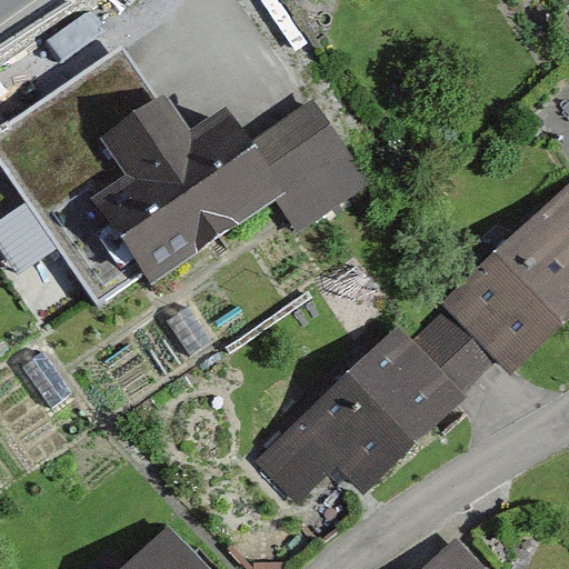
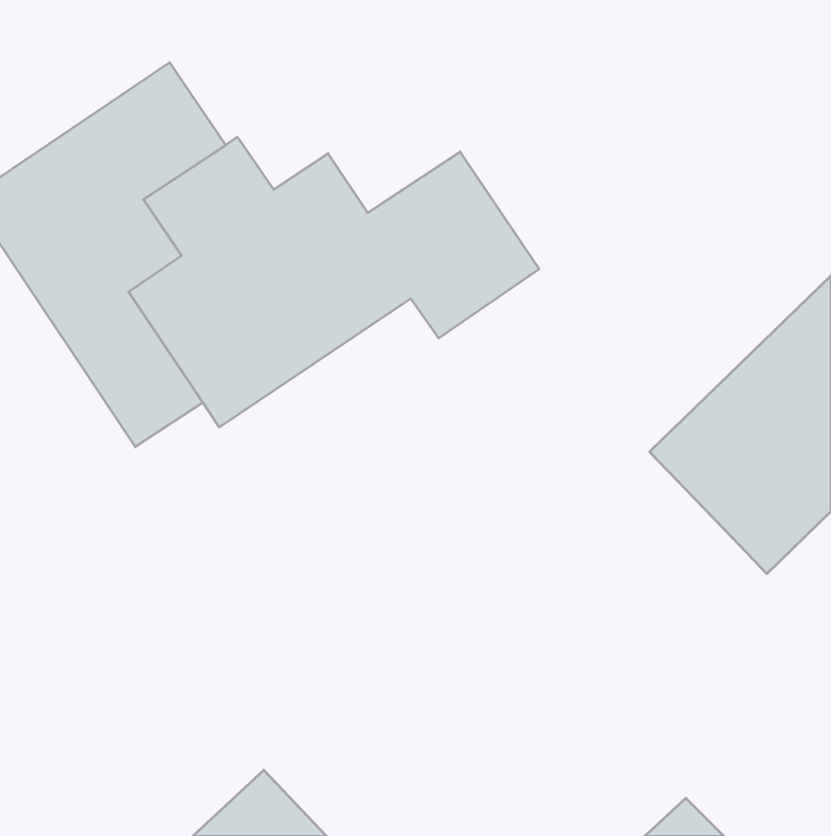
building: [254,305,493,500] -> none

